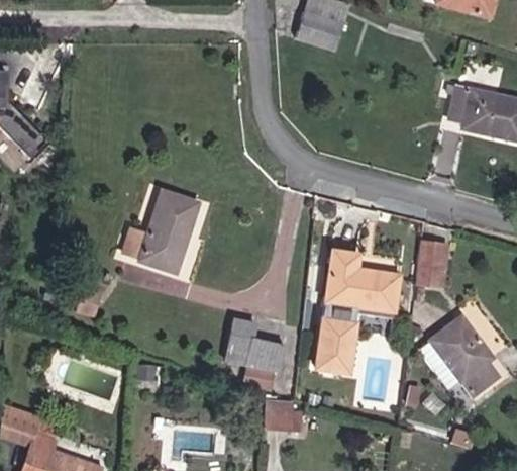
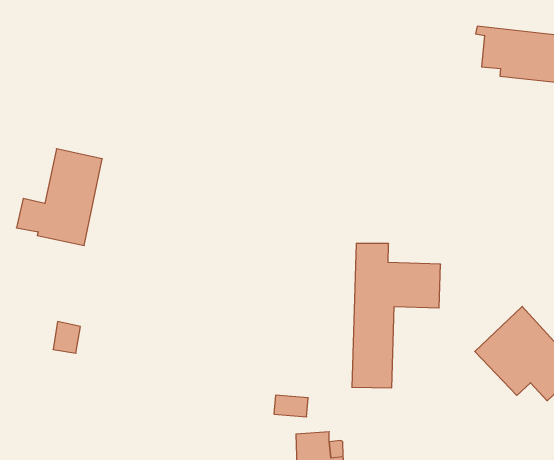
building: [122,191,198,272] -> [16,149,102,245]
building: [416,242,446,287] -> none
building: [225,319,284,370] -> none

